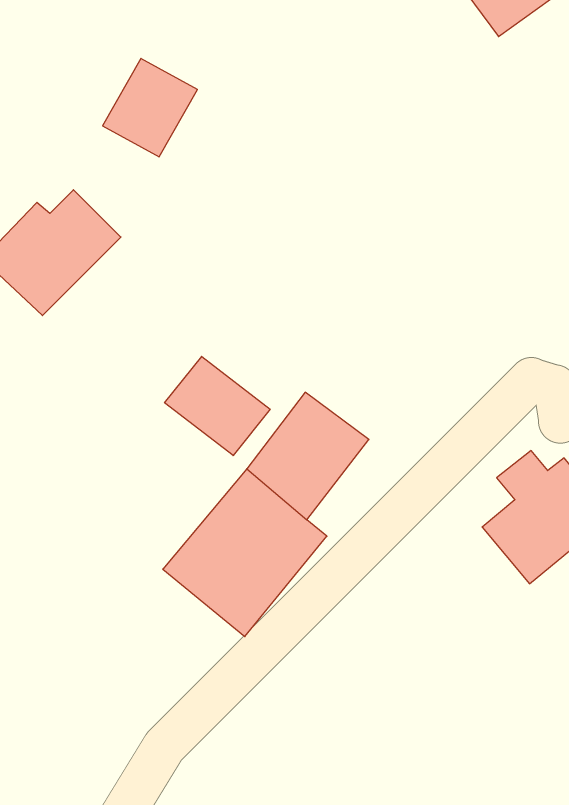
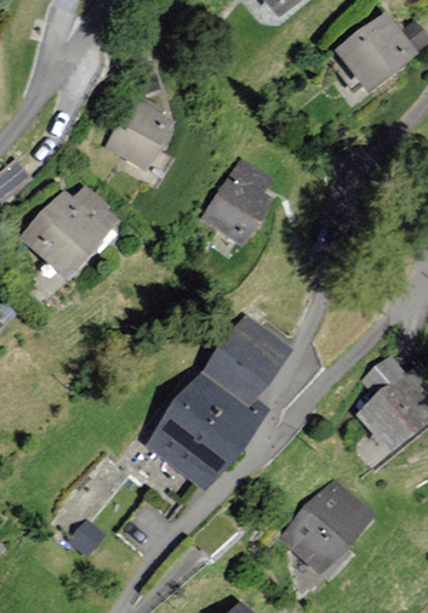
building: none -> [202,161,269,242]
building: [165,356,270,456] -> none
building: none -> [283,483,367,569]

